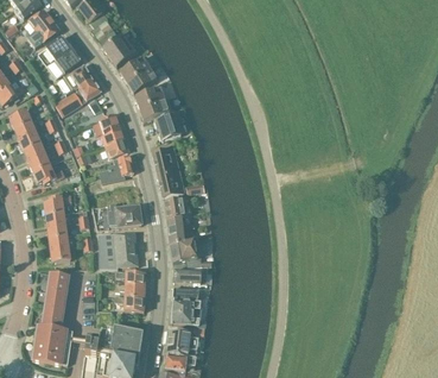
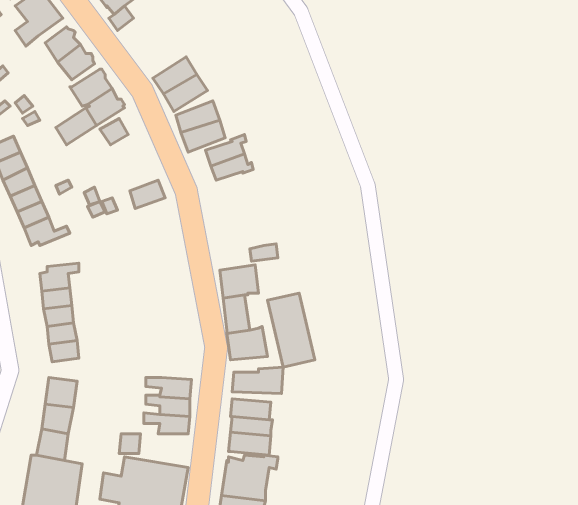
building: [102,32,135,65] -> none
building: [99,114,123,146] -> none
building: [152,146,184,196] -> [267,293,315,367]
building: [100,155,133,184] -> none
building: [93,204,141,231] -> none
building: [99,233,138,270] -> none

